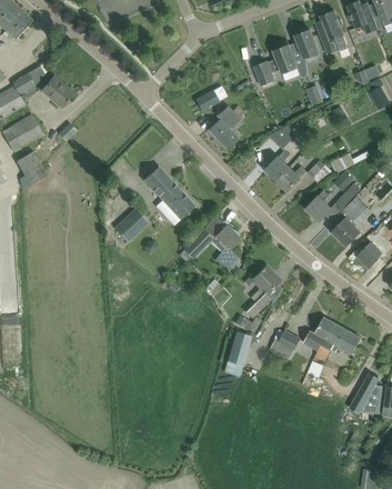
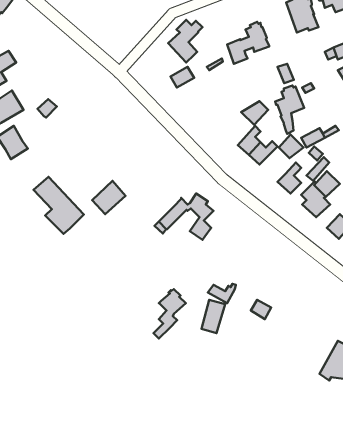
building: [289,28,319,78] -> [275,85,304,134]
building: [42,77,73,106] -> none
building: [208,104,243,149] -> [168,20,202,63]
building: [143,166,195,224] -> [33,177,84,234]
building: [245,266,279,317] -> [154,289,186,339]
building: [304,317,361,361] -> none

